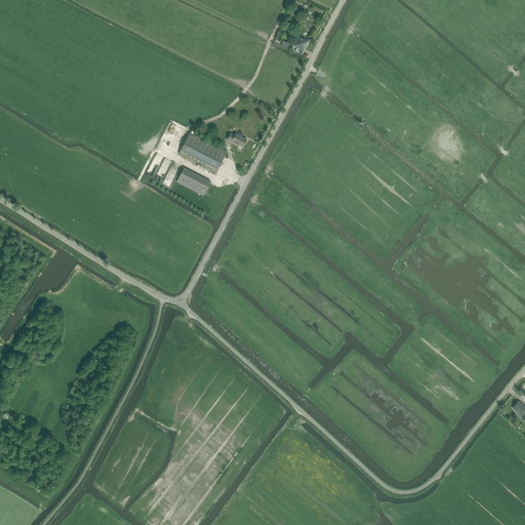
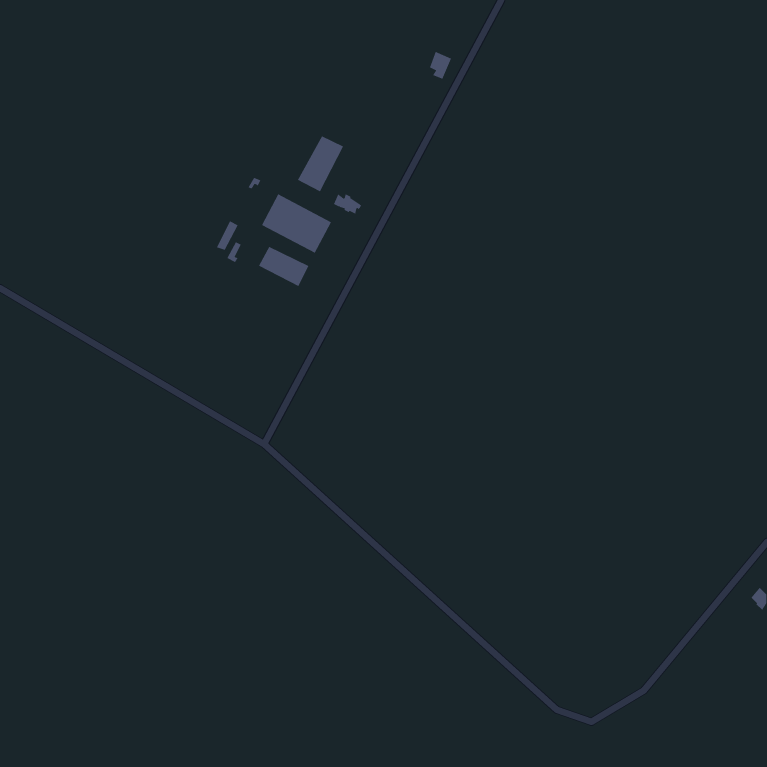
building: none -> [297,135,344,192]

